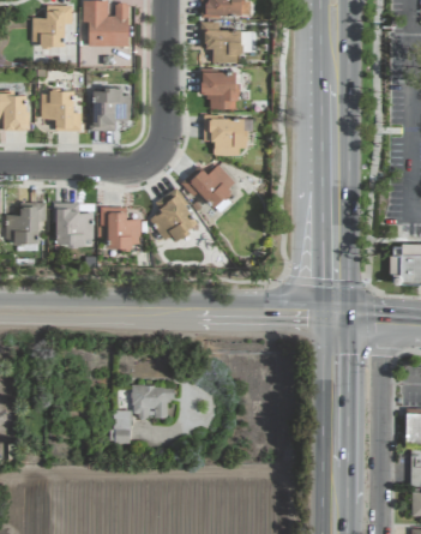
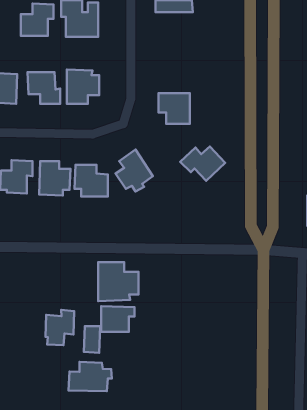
building: [202,23,241,64] -> none
building: [202,71,237,109] -> none
building: [181,164,237,208] -> [180,147,225,181]
building: none -> [98,262,139,301]
building: none -> [45,310,74,345]
building: none -> [68,362,112,391]

